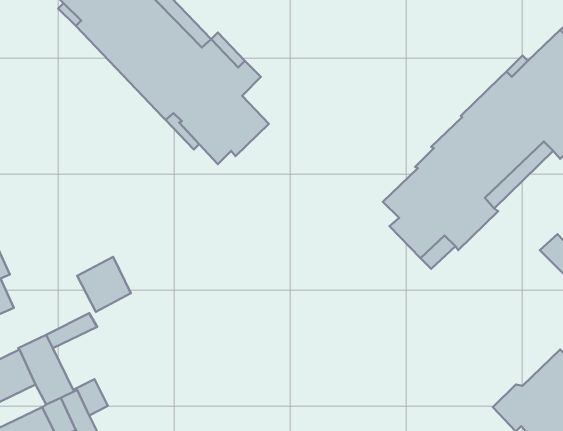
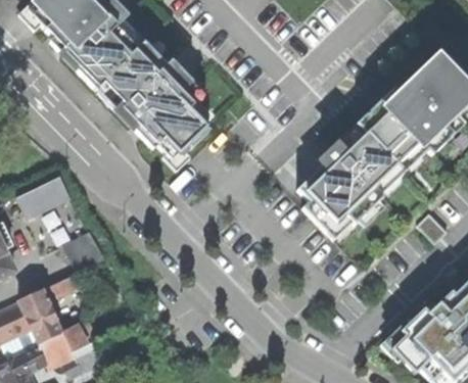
building: none -> [17,175,71,214]

